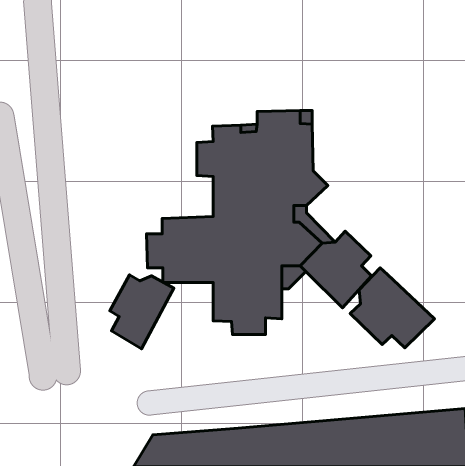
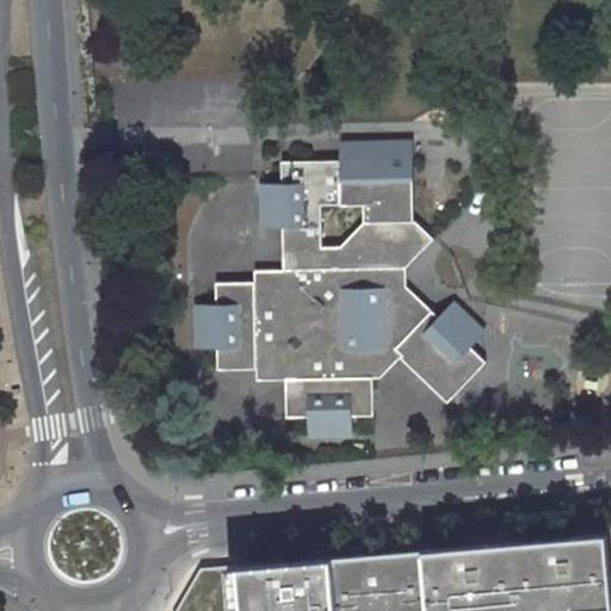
building: [350,268,435,348] -> none
building: [110,275,174,349] -> none

